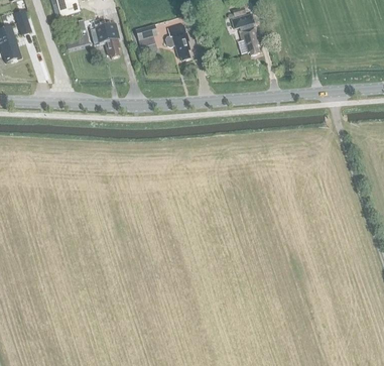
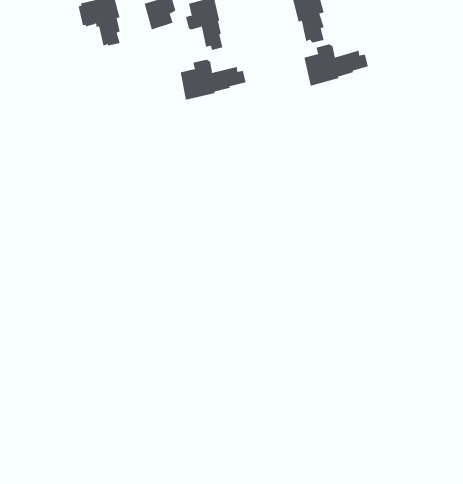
building: none -> [304,44,368,87]
building: none -> [180,59,246,101]

